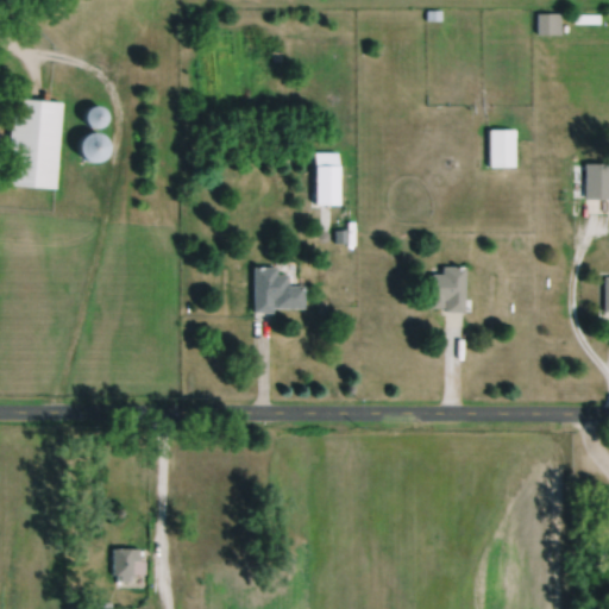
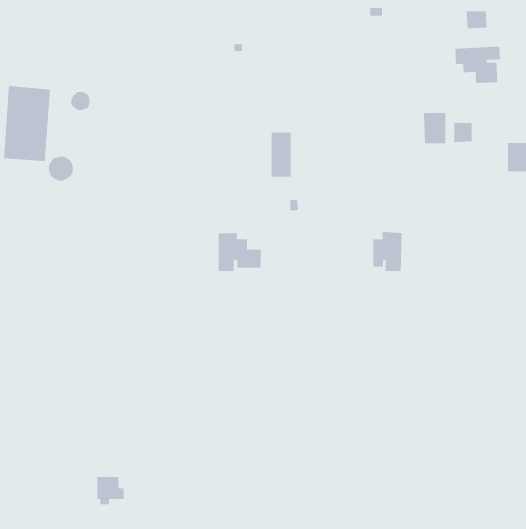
building: none -> [454,46,501,84]
building: [80,132,109,162] -> [48,156,74,182]
building: none -> [454,122,473,143]

